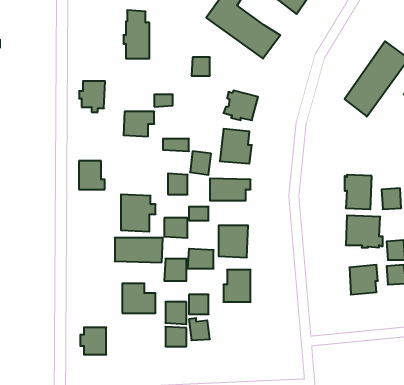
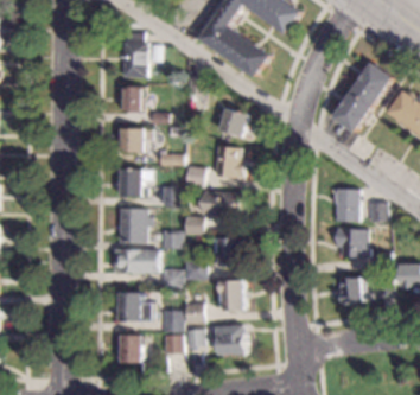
building: [79,81,105,112] -> [119,87,144,116]
building: [79,161,105,189] -> [120,168,145,196]
building: none -> [214,324,244,356]
building: [80,327,106,355] -> [115,336,140,362]

